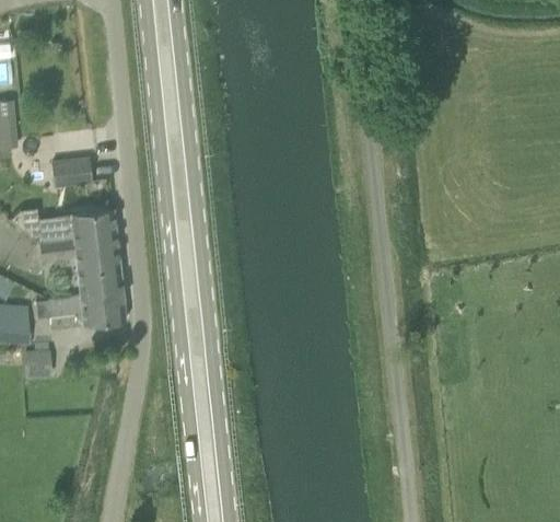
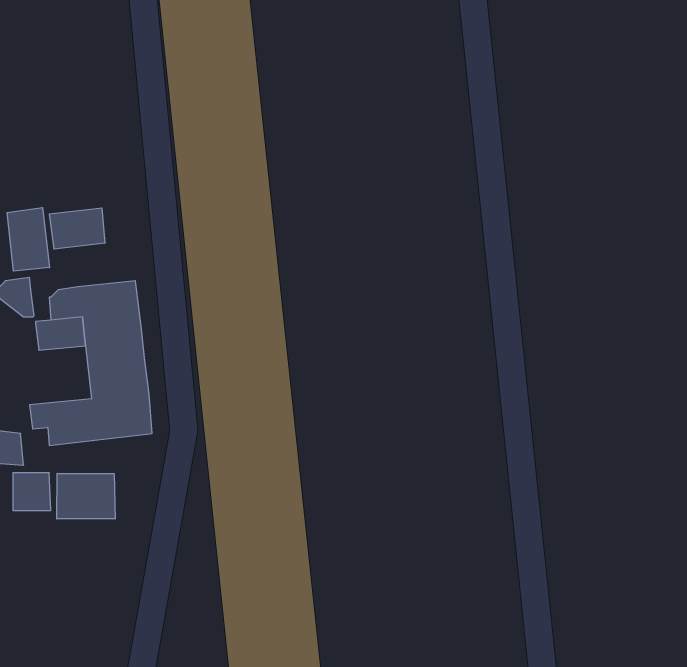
building: none -> [7,208,49,271]
building: none -> [57,473,115,519]

